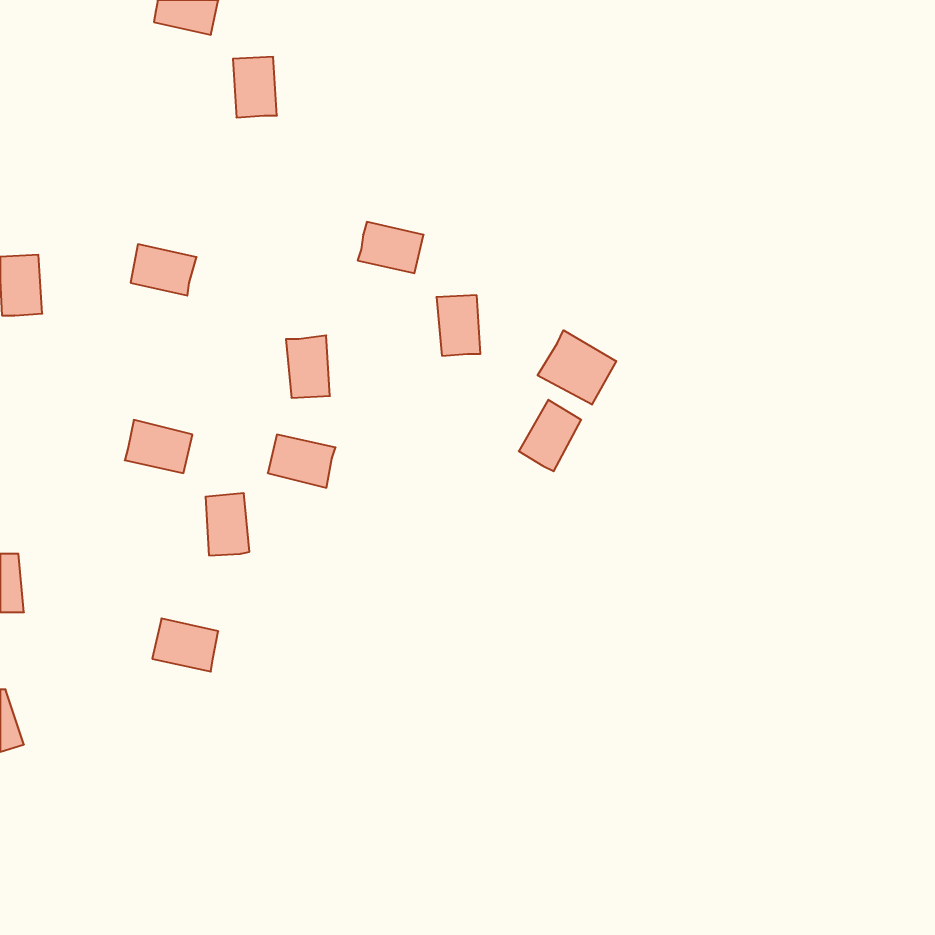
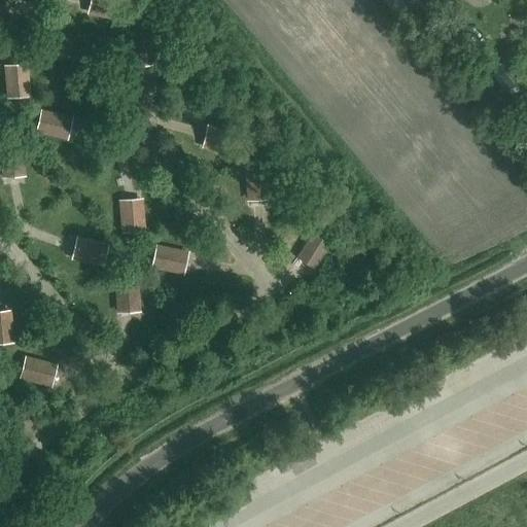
building: none -> [5,64,30,99]
building: [131,244,197,296] -> [37,111,74,140]
building: [538,330,616,405] -> none
building: [286,335,330,398] -> [120,198,145,233]
building: [152,618,218,672] -> [21,357,58,387]

